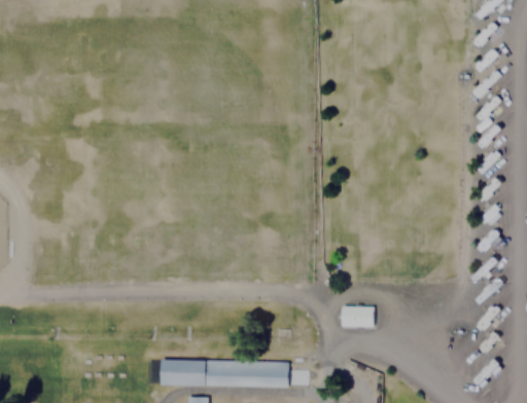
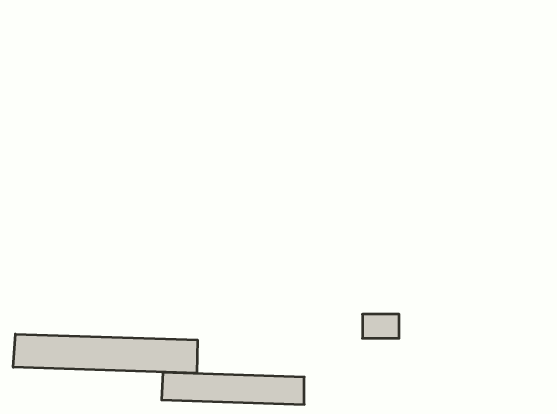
building: none -> [13,334,197,373]

